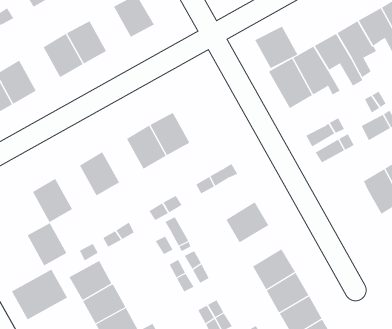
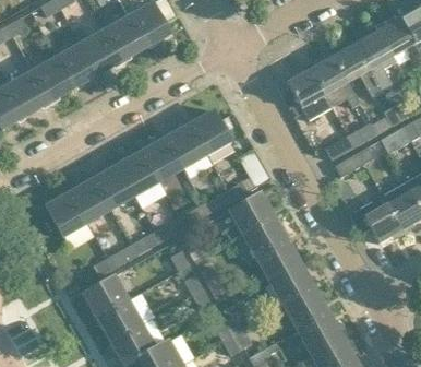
building: none -> [105,15,146,61]
building: [255,26,298,69] -> none
building: none -> [33,57,74,102]
building: none -> [190,109,231,155]
building: none -> [118,151,159,196]
building: none -> [224,191,274,240]
building: none -> [350,194,402,242]
building: [27,222,67,266] -> [70,178,111,223]
building: none -> [257,239,301,282]
building: [11,269,68,320] -> none

